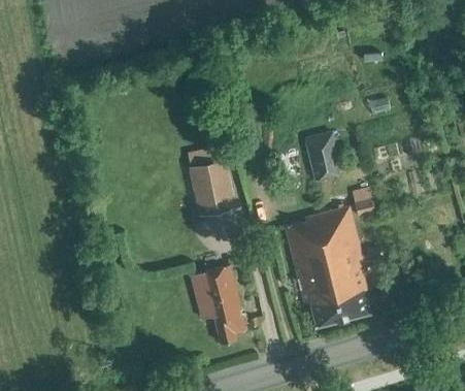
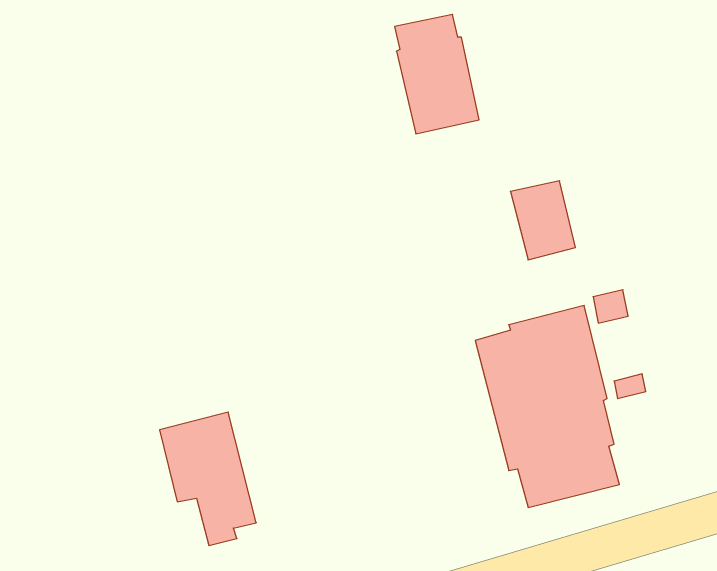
building: [187,145,236,216] -> [395,14,479,134]
building: [191,265,247,344] -> [160,412,256,546]

